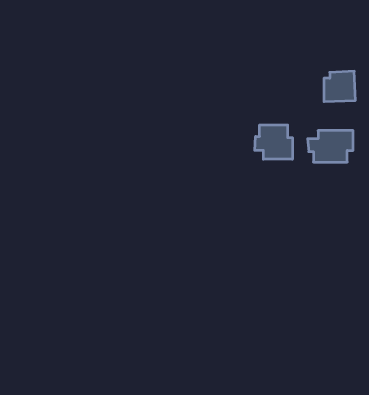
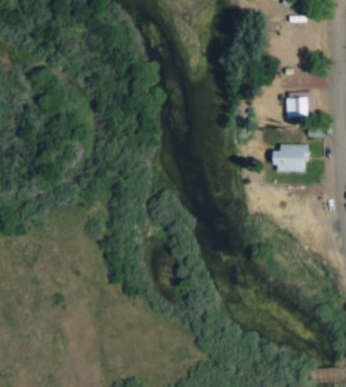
building: [255,125,292,159] -> none

